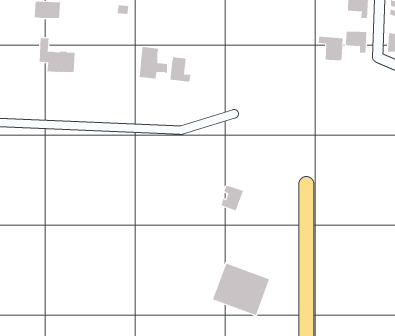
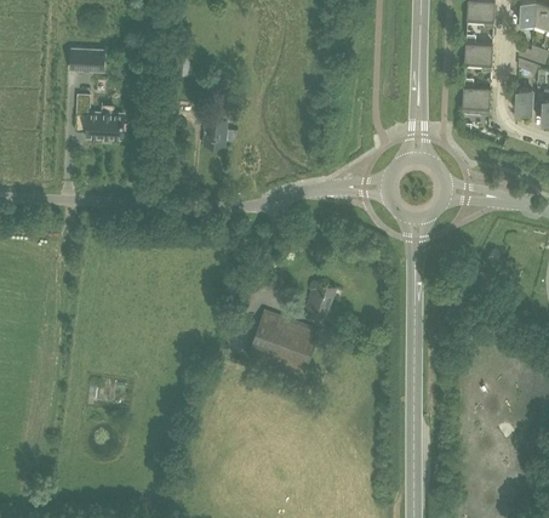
building: [318,36,343,61] -> none
building: [170,56,191,83] -> none
building: [212,263,270,316] -> [247,309,320,376]

